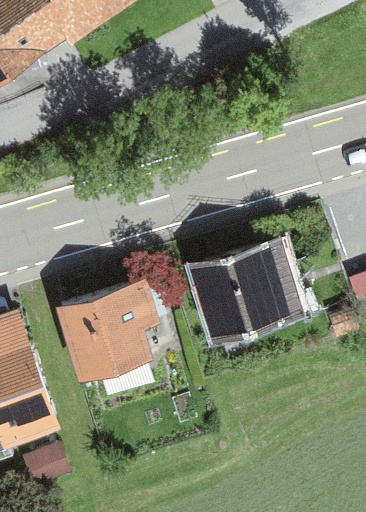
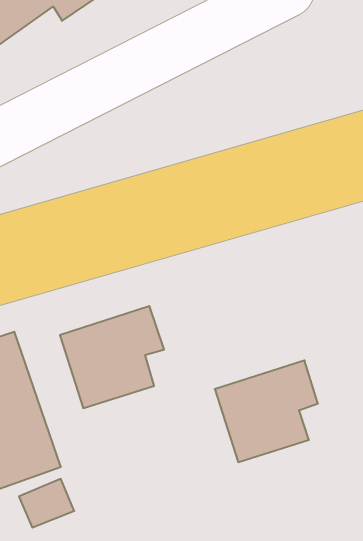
building: [191,245,284,337] -> [215,360,318,462]

